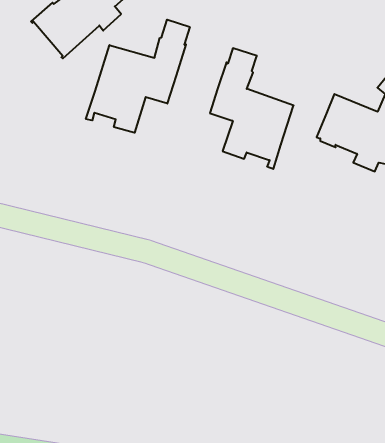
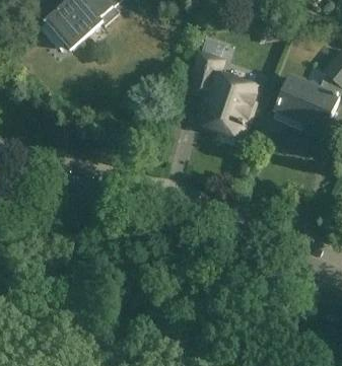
building: [86,20,190,133] -> none

